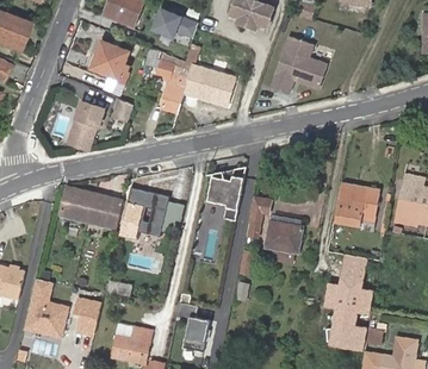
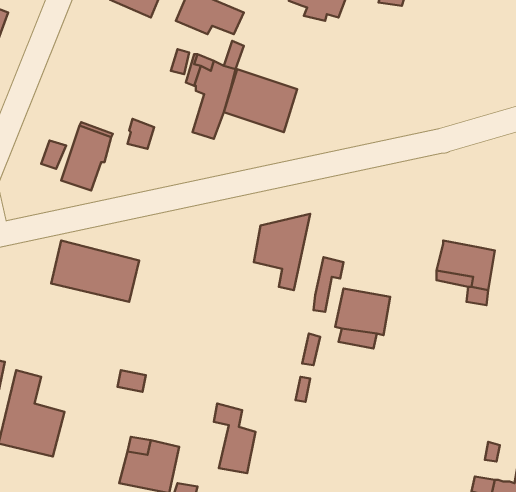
building: [271,33,329,92] -> none
building: [89,39,129,79] -> none
building: [119,187,184,238] -> none
building: [323,254,374,351] -> none
building: [75,298,99,333] -> none

